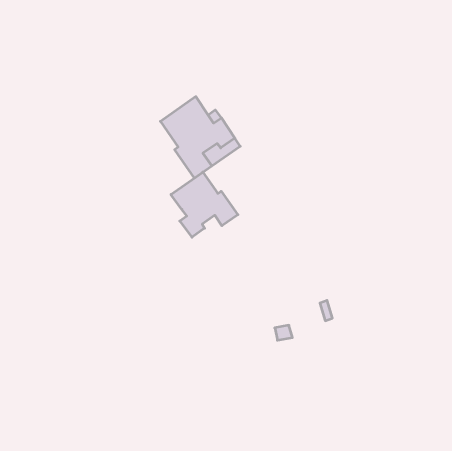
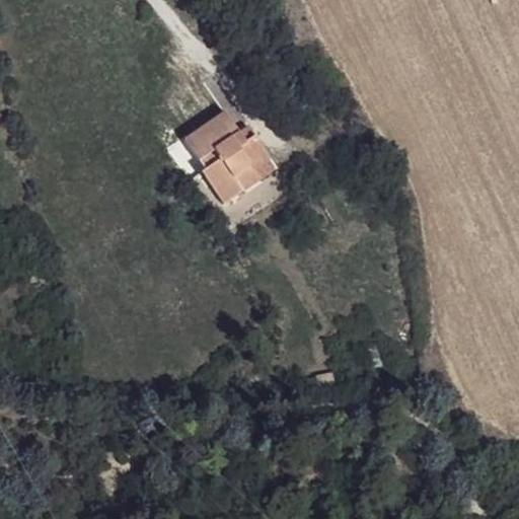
building: [171,172,238,237] -> none

